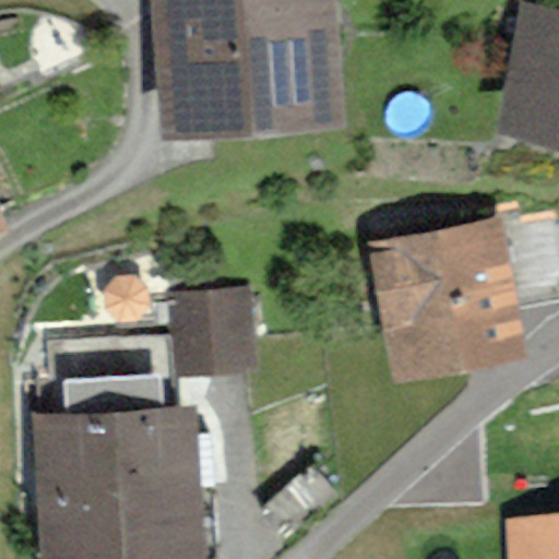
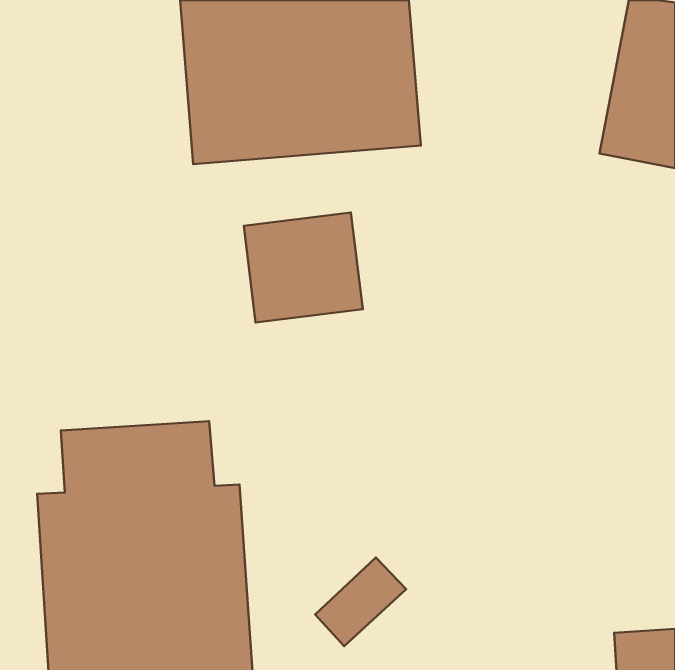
building: [368,216,531,380] -> none
building: [167,287,265,378] -> [244,213,363,323]

